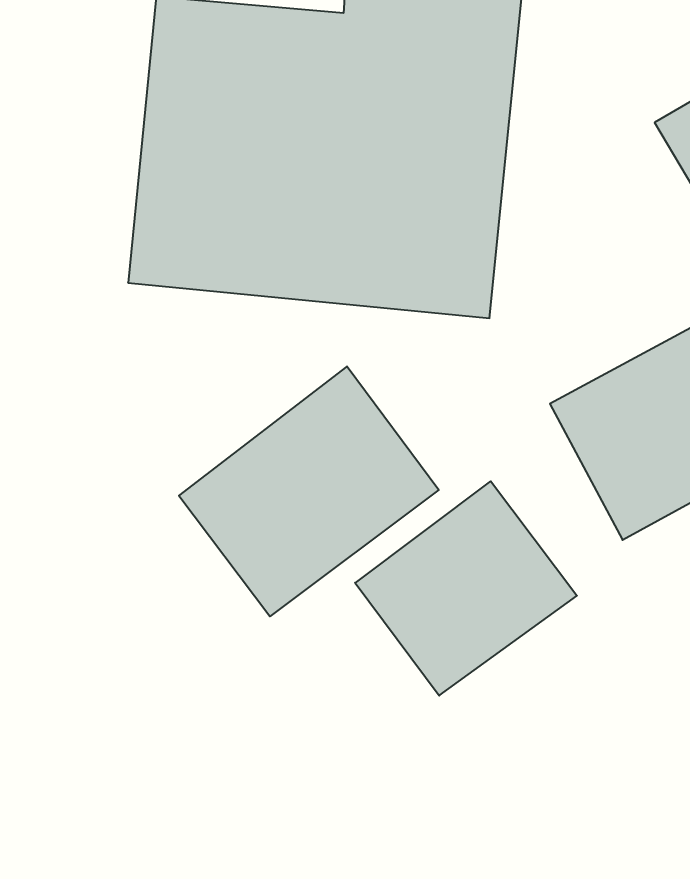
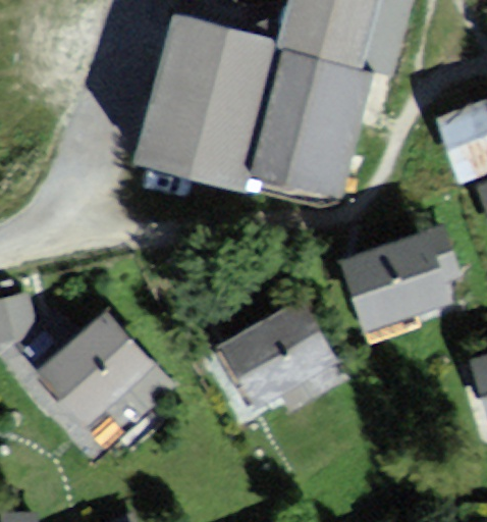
building: [179,366,439,616] -> none
building: none -> [38,310,164,433]

